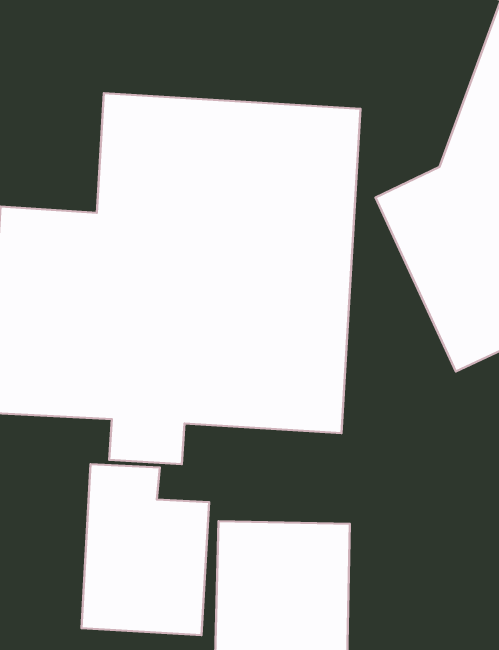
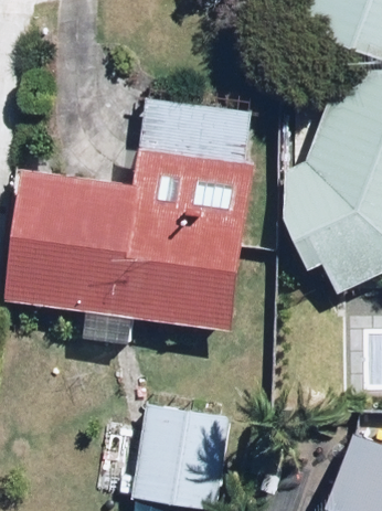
building: [82,464,209,635] -> none

